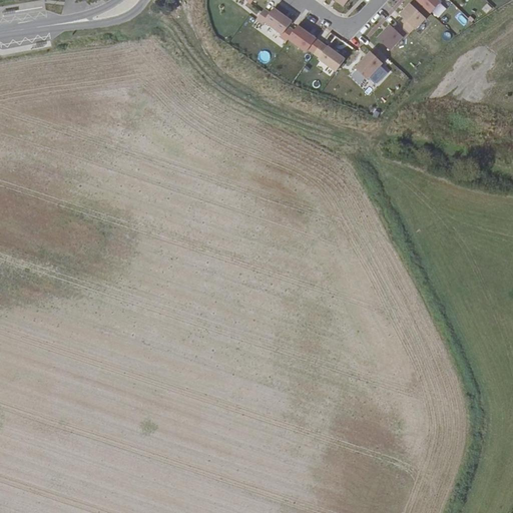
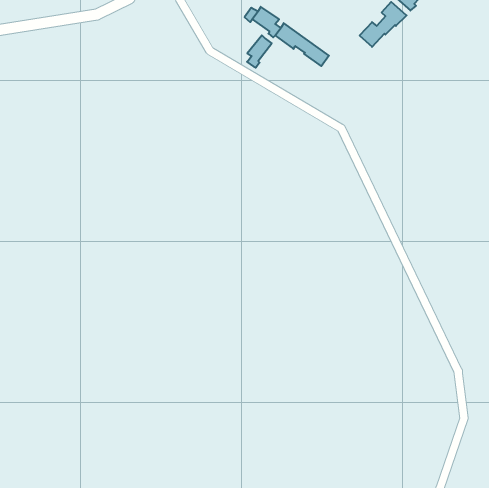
building: none -> [247,35,272,68]
building: [356,46,387,77] -> none

